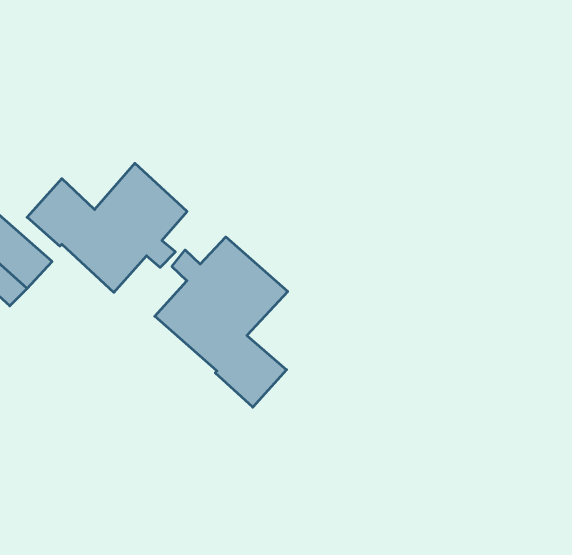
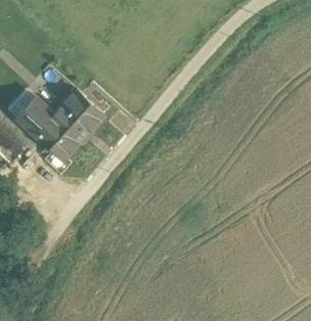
building: [155,237,288,407] -> none

